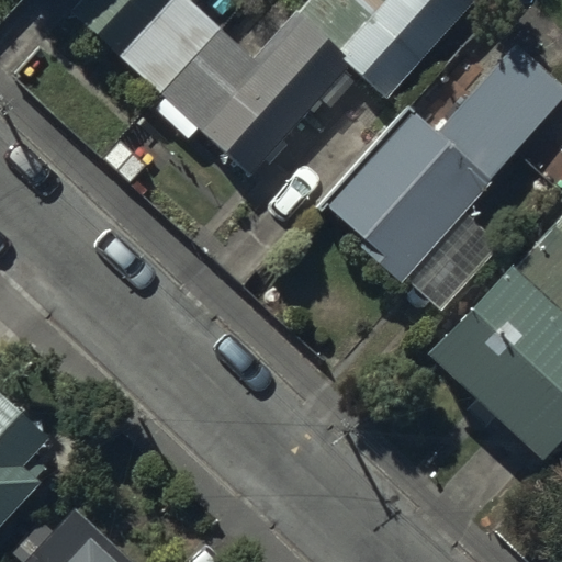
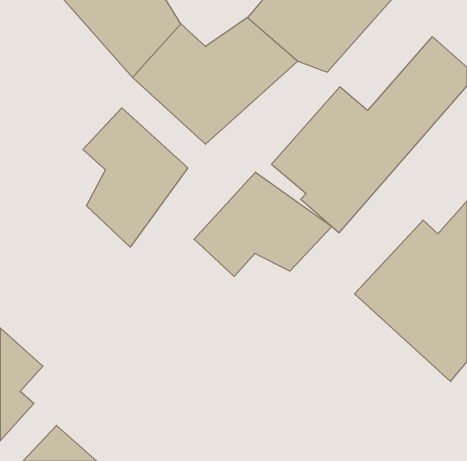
building: none -> [83,108,188,247]
building: none -> [194,172,332,276]

